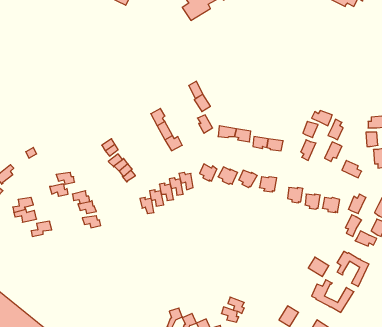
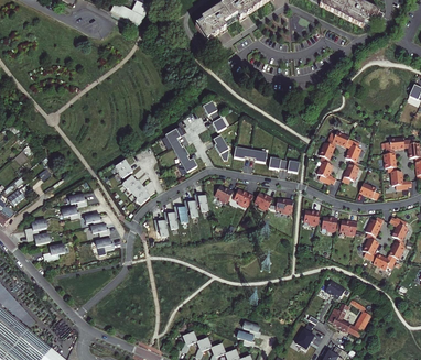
building: [337,251,369,287] -> none

